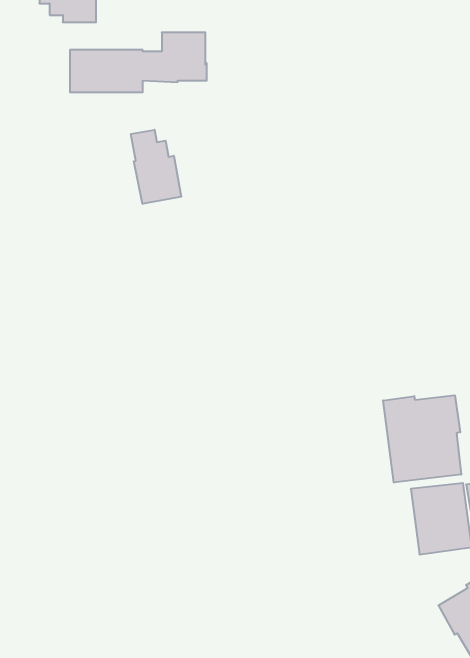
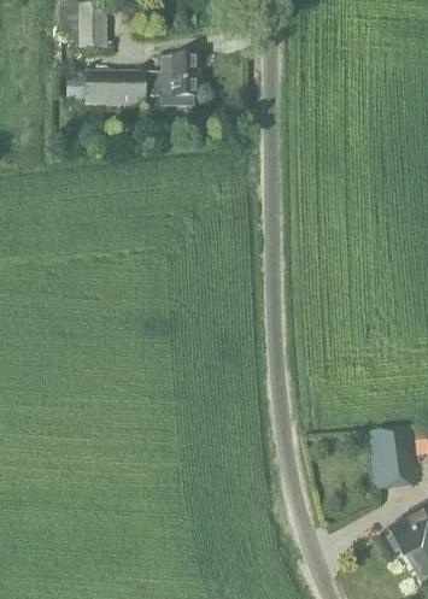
building: [131,130,181,204] -> none
building: [383,395,461,483] -> none

